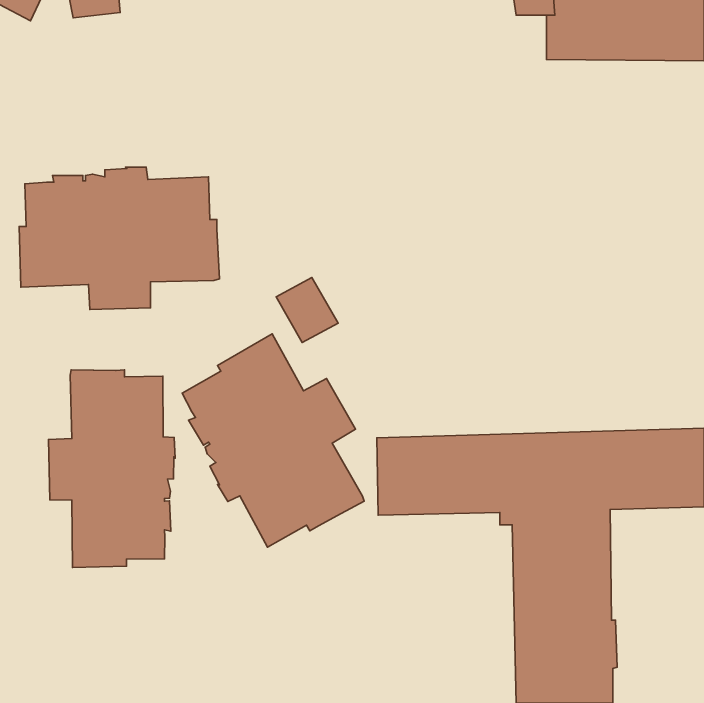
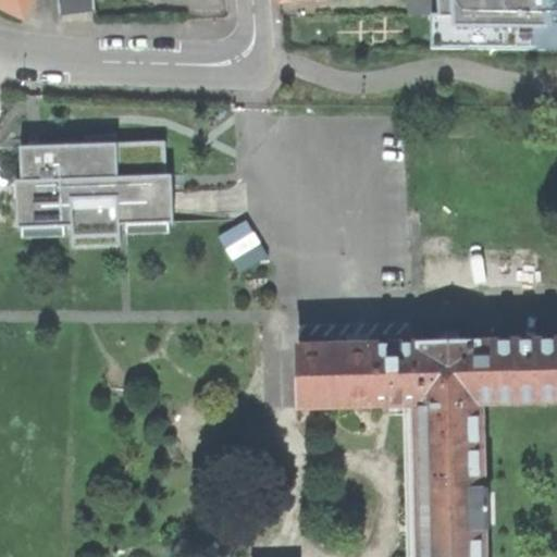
building: [182,334,364,547] -> none
building: [48,370,175,567] -> none

